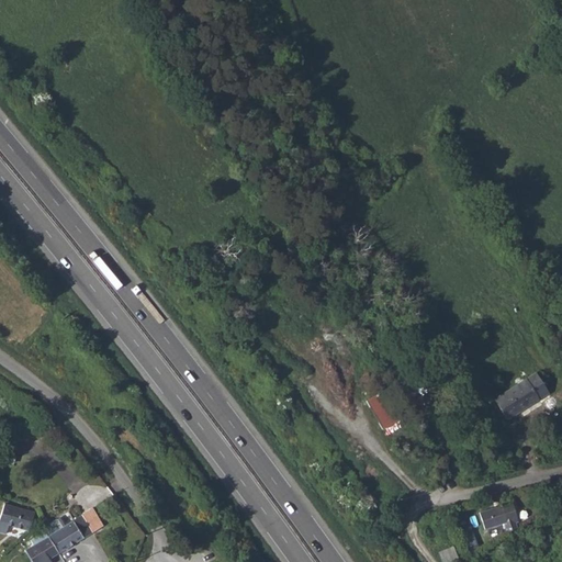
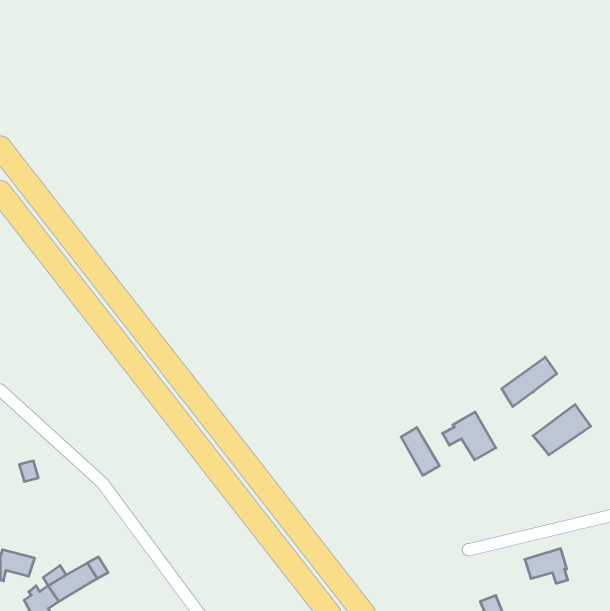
building: none -> [502,357,557,407]
building: none -> [442,412,496,460]

